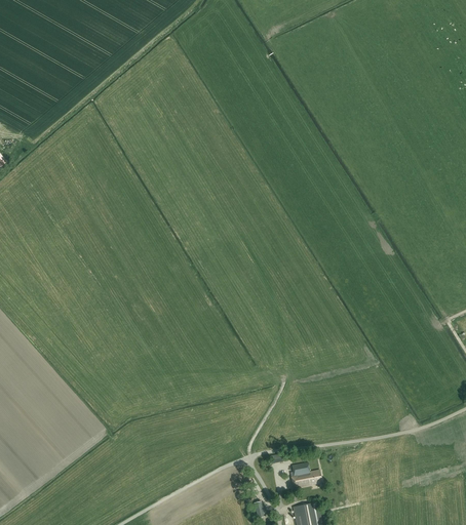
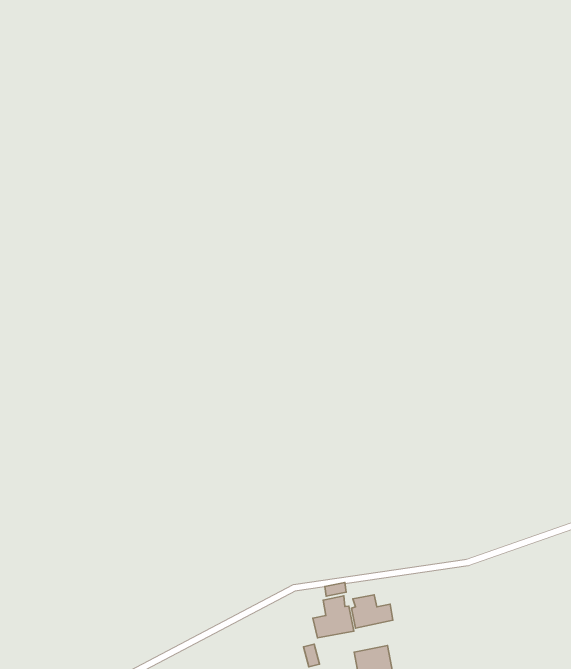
building: none -> [313,596,354,638]

